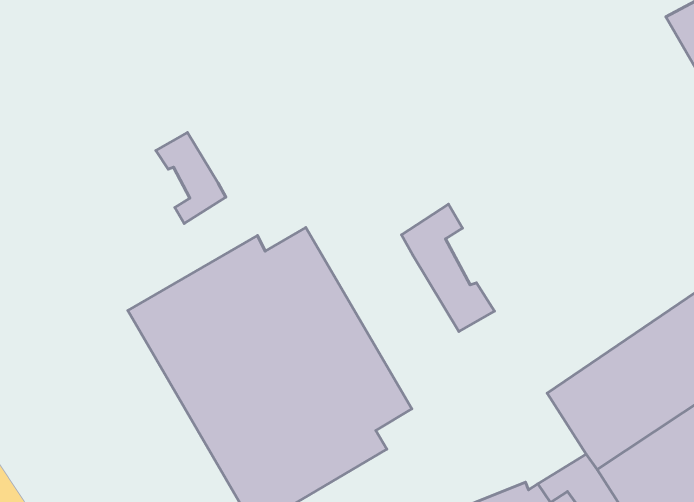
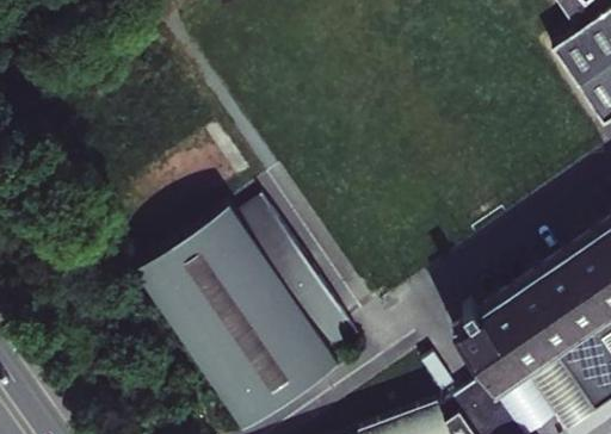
building: [156,133,226,223] -> none
building: [401,204,494,332] -> none

